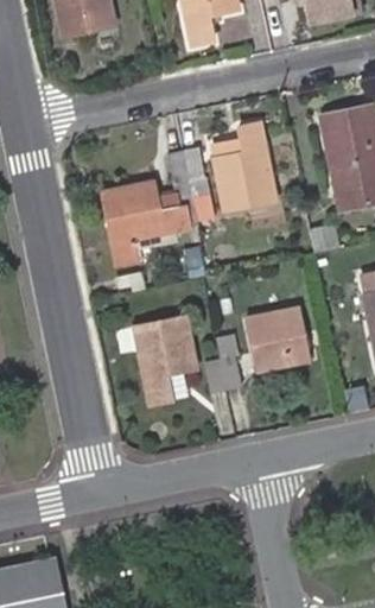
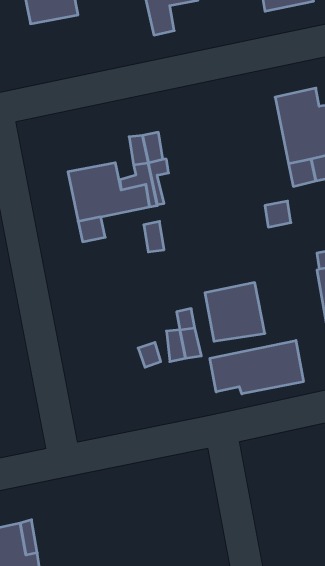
building: [212,124,274,210] -> none
building: [134,317,195,401] -> none
building: none -> [210,340,303,394]

